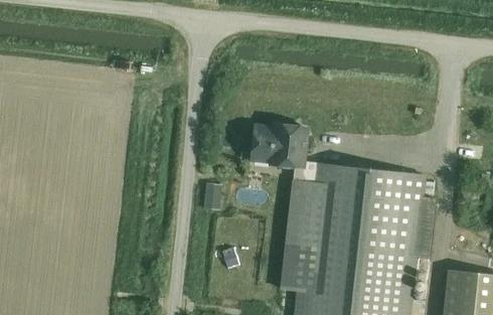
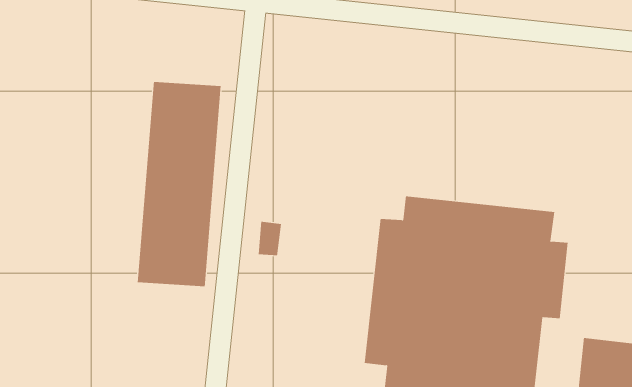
building: none -> [137,81,221,287]
building: [251,126,312,181] -> none

